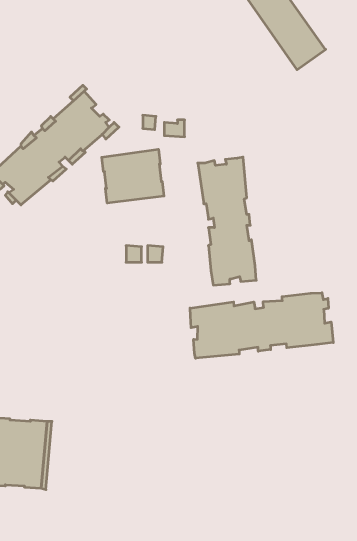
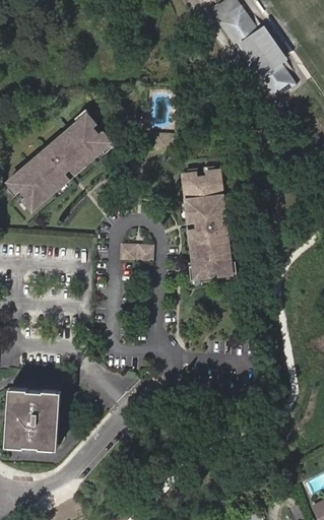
building: [102,149,164,203] -> none
building: [190,293,333,358] -> none

